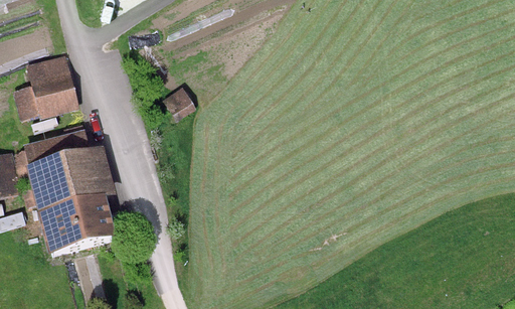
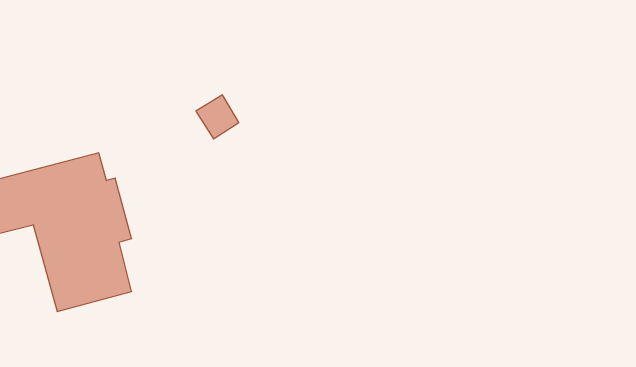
building: [14,58,79,126] -> none

